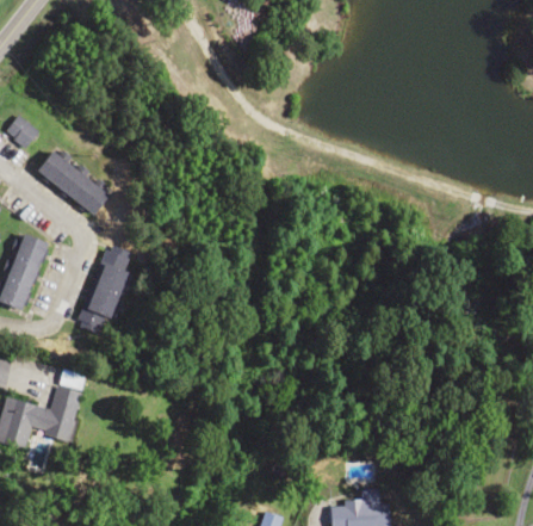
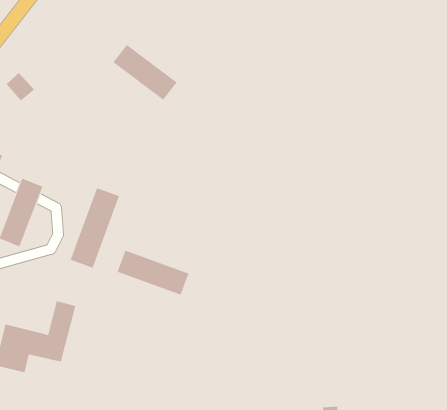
building: [37,150,110,214] -> [112,44,177,101]
building: none -> [117,250,189,296]

